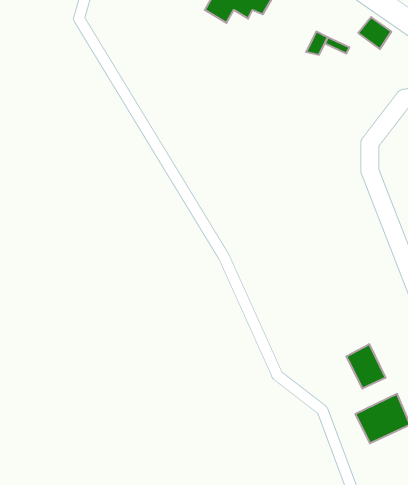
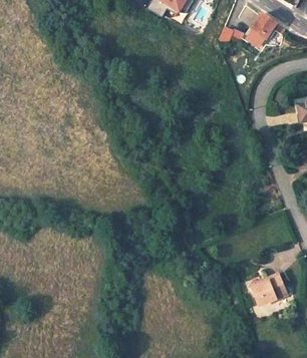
building: [346,344,385,389] -> none

